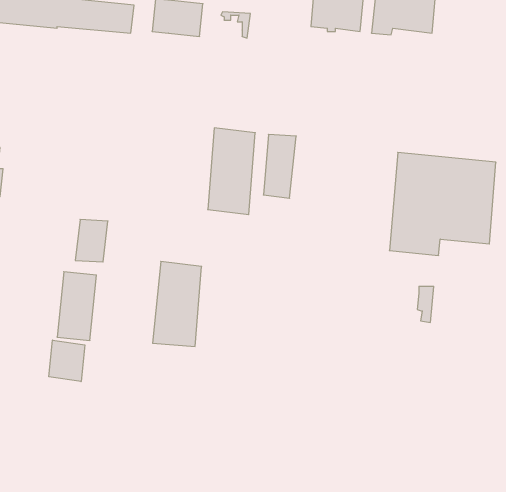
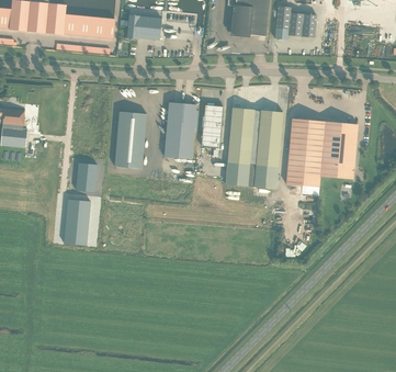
building: none -> [226,106,283,189]
building: [153,261,202,346] -> [114,111,147,168]
building: [49,340,85,382] -> none

